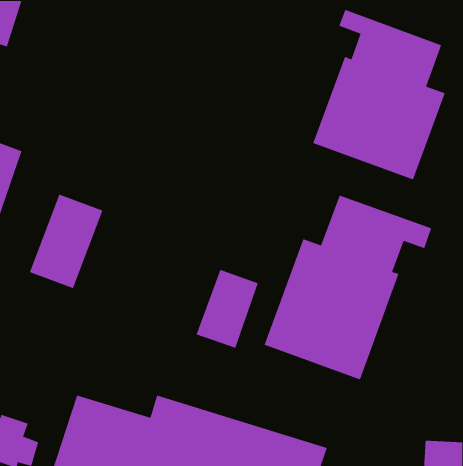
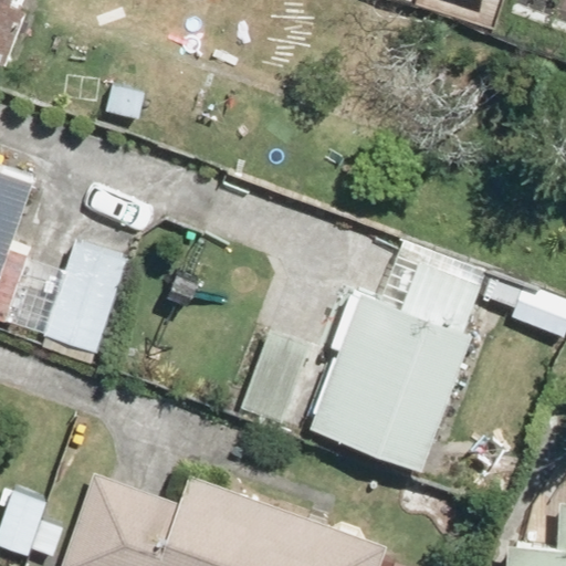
building: [312,9,446,181] -> none

